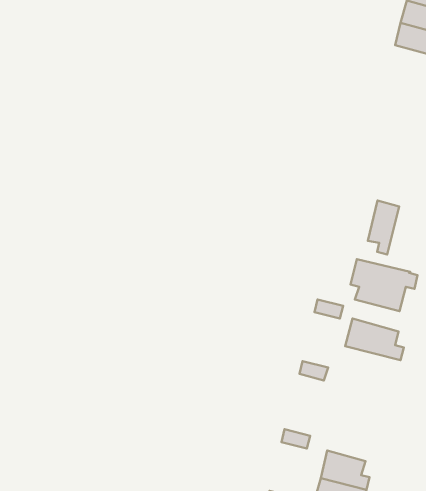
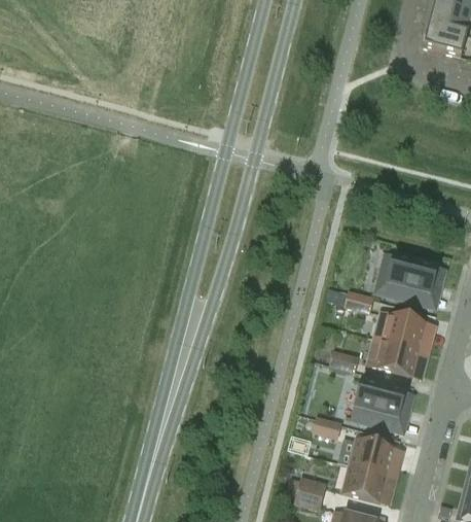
building: [368,200,399,254] -> none
building: none -> [369,338,429,375]
building: none -> [353,380,413,428]

